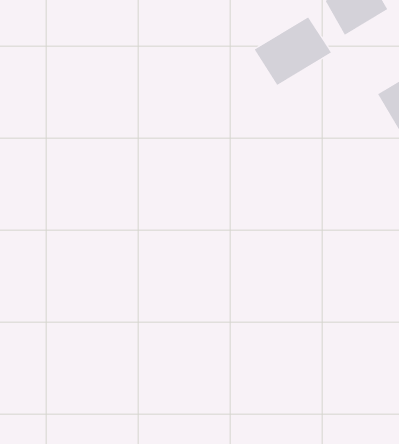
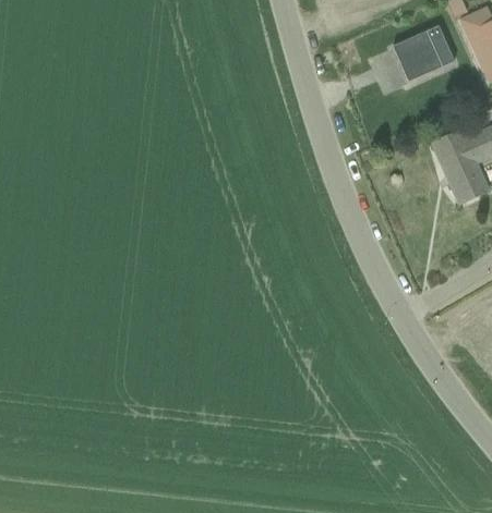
building: [254,16,332,86] -> none

